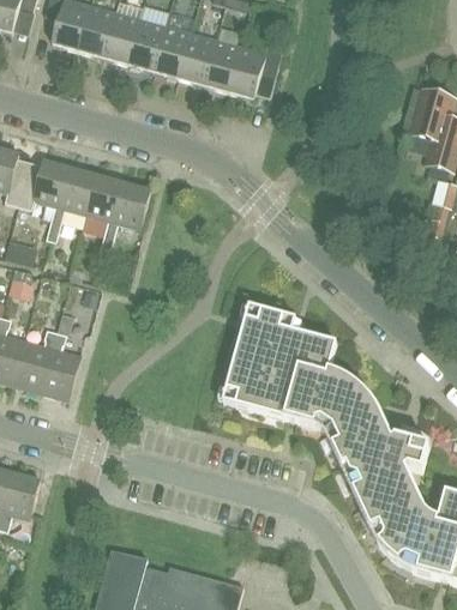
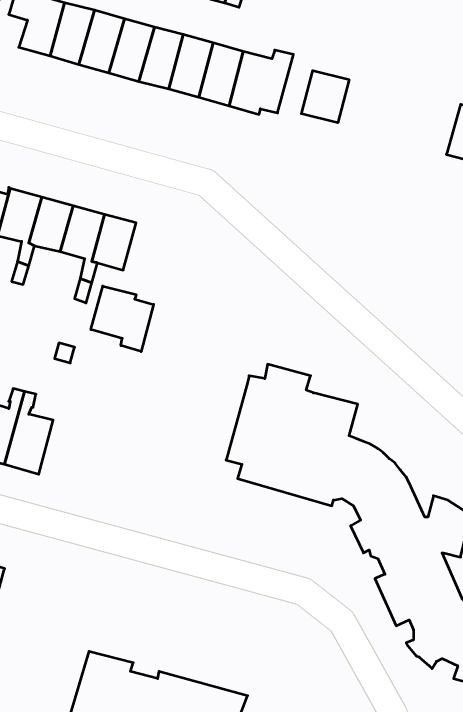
building: none -> [301,71,349,123]
building: none -> [91,286,154,352]

